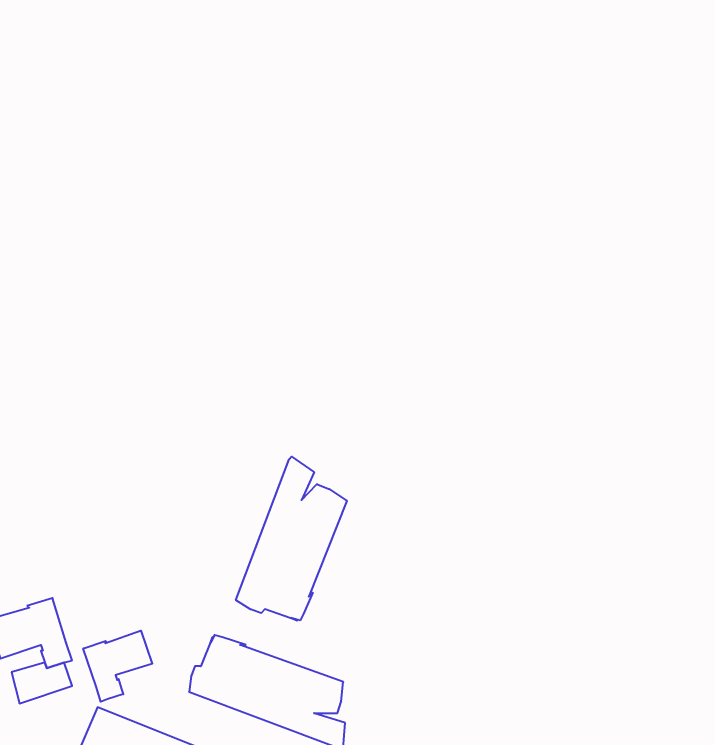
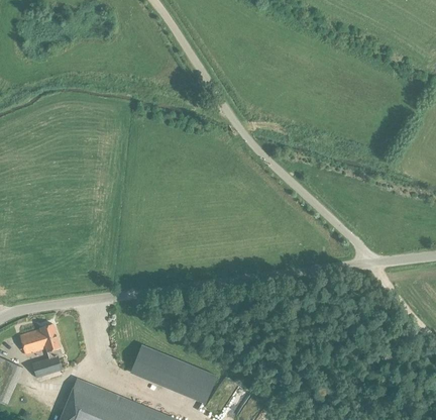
building: [236,457,347,621] -> none
building: [83,631,152,702] -> none

